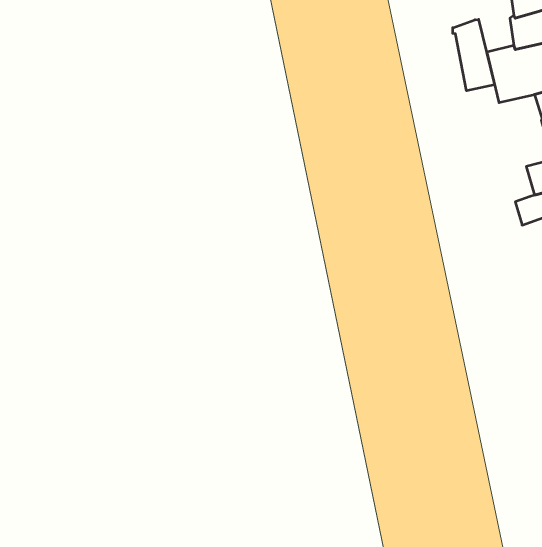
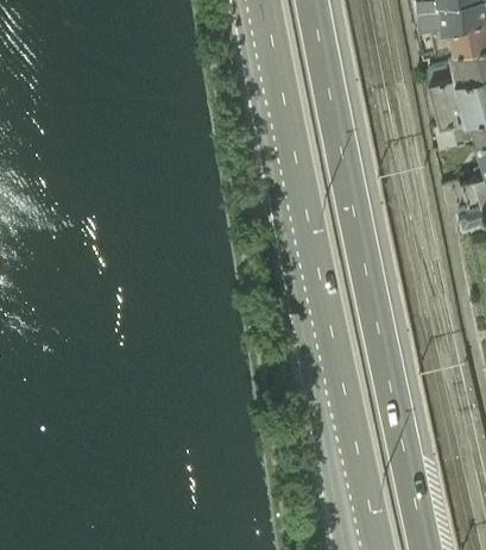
building: [453,19,495,91] -> none

